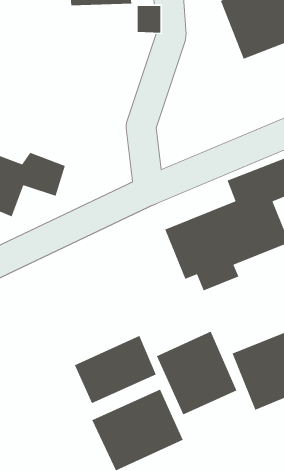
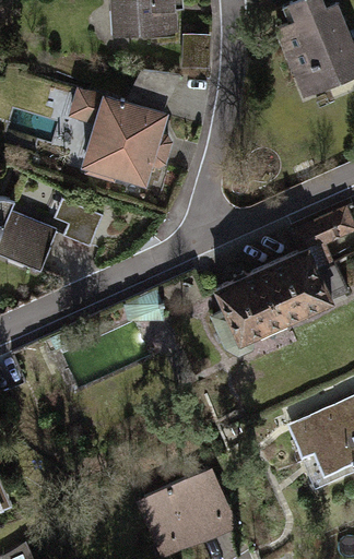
building: none -> [69,71,181,189]
building: [156,331,238,415] -> none
building: [74,335,157,404] -> none

